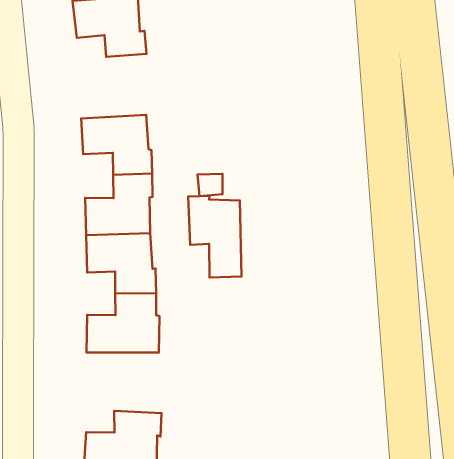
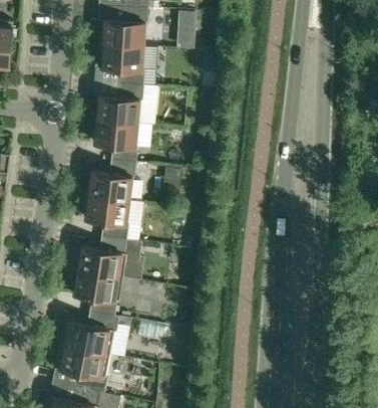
building: none -> [96,85,144,127]
building: [188,196,242,277] -> none
building: none -> [74,273,123,320]

